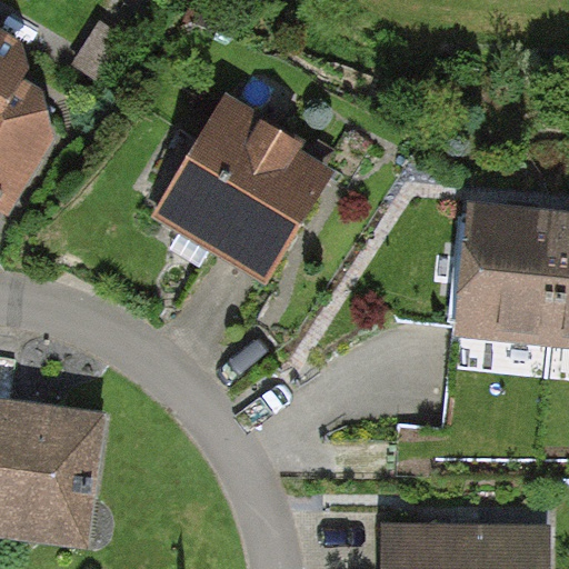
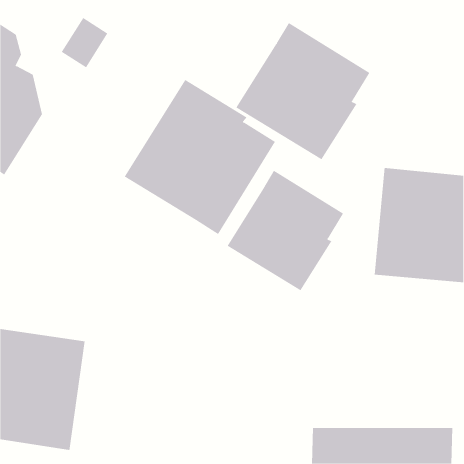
building: none -> [236,22,370,160]
building: none -> [227,170,344,291]

